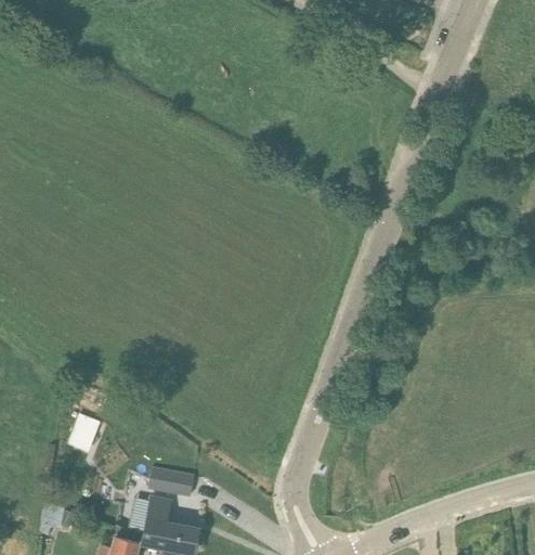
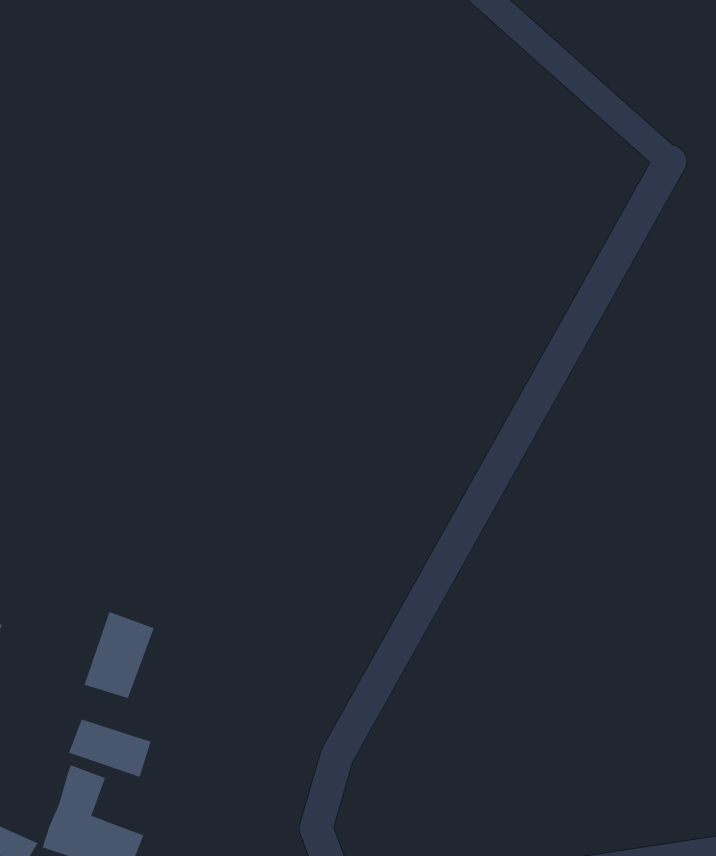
building: none -> [84,611,155,699]

